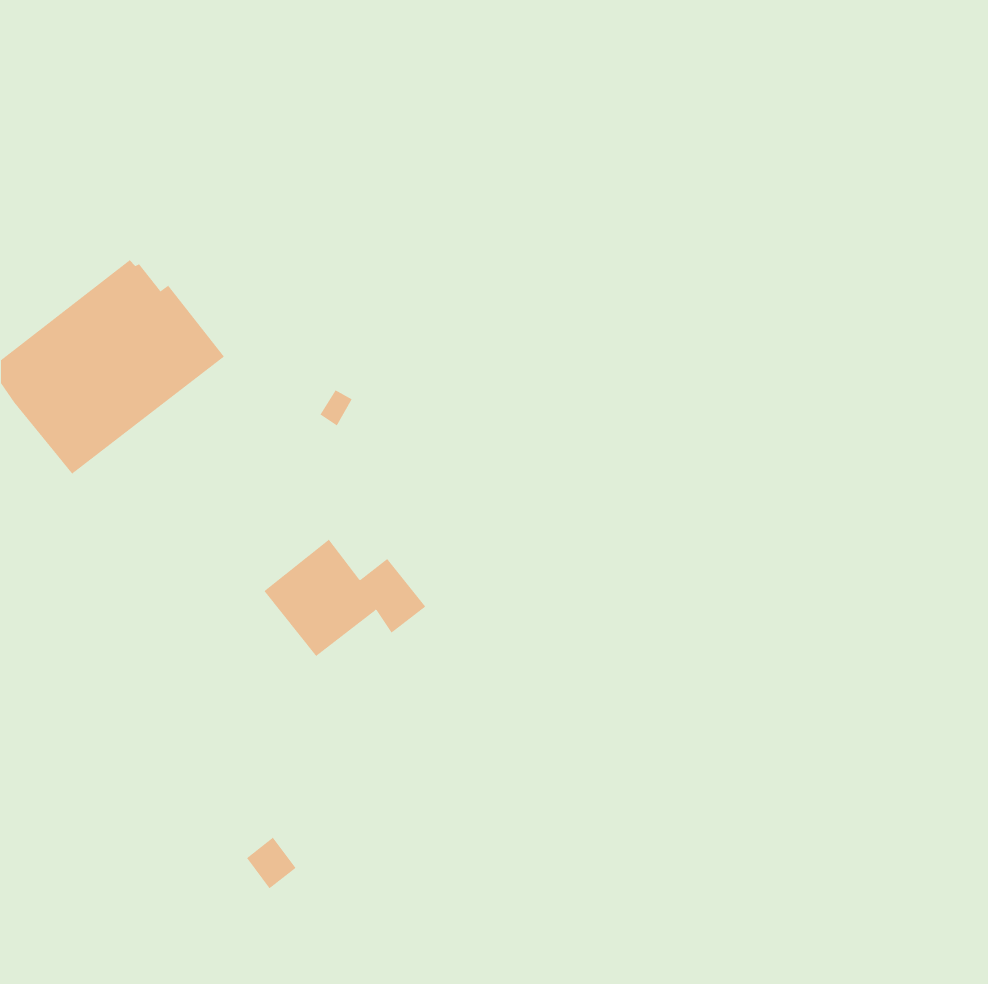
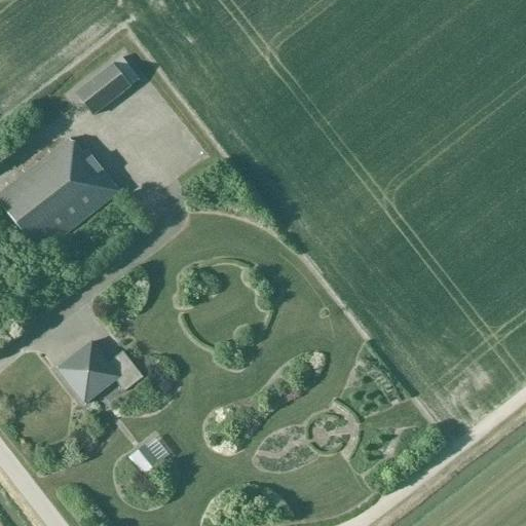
building: none -> [76,63,130,114]
building: [263,539,426,657] -> [58,340,144,403]

